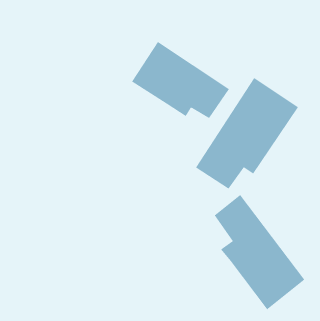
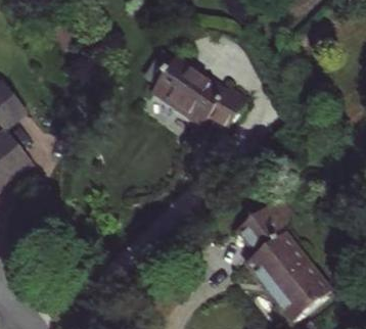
building: [195,77,299,189] -> none

